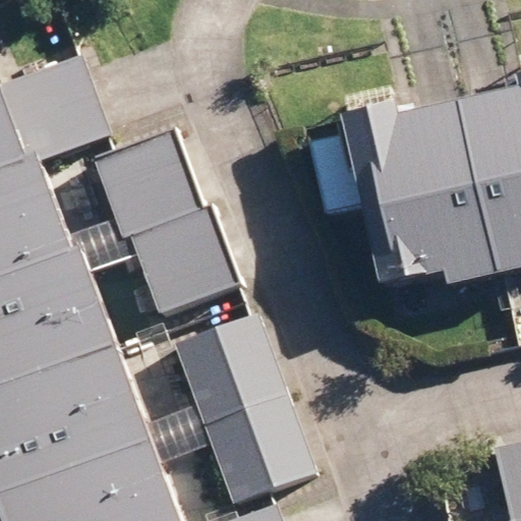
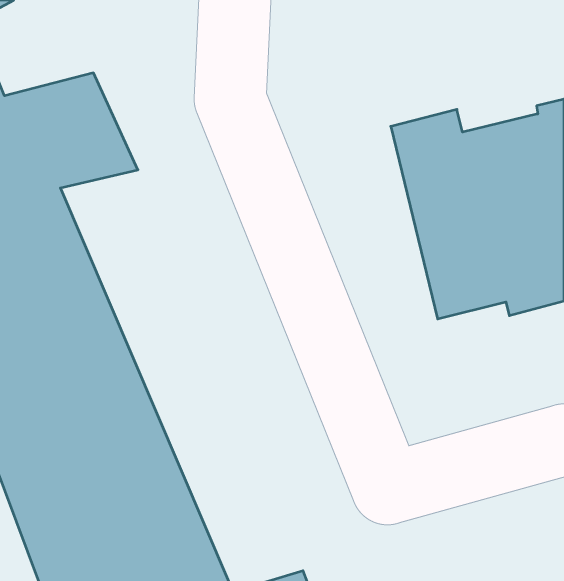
building: [96,134,242,314] -> none
building: [170,311,316,506] -> none

